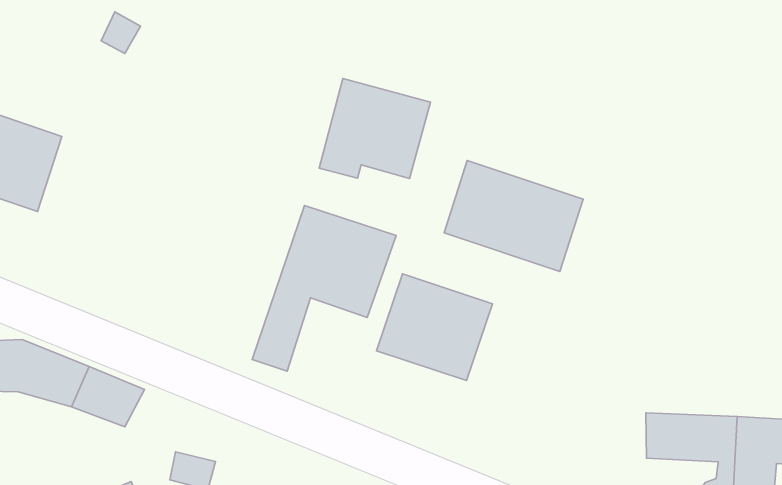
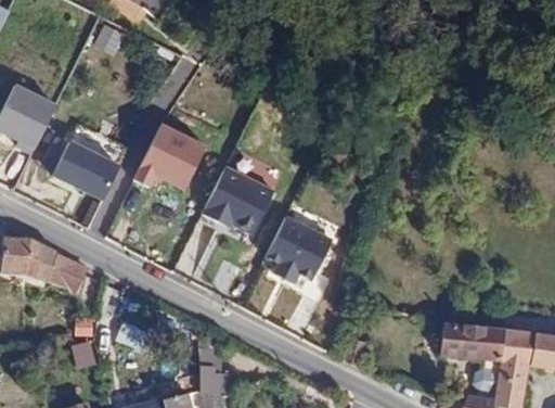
building: [319,79,431,179] -> [132,122,210,192]
building: [444,161,583,271] -> none
building: none -> [50,138,129,232]

